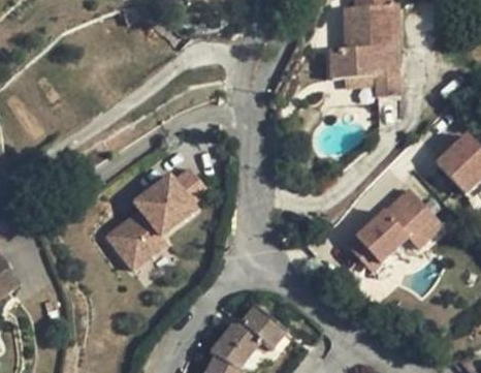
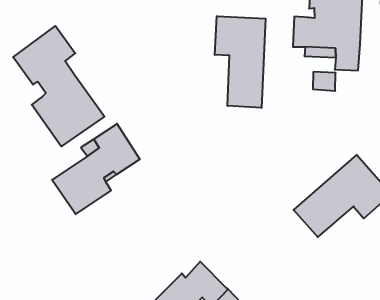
building: none -> [215,16,266,108]
building: none -> [13,26,104,146]

